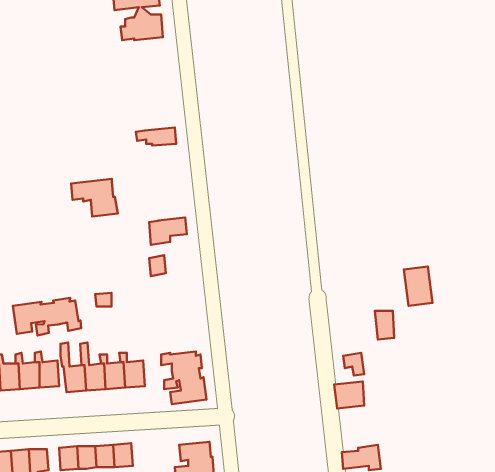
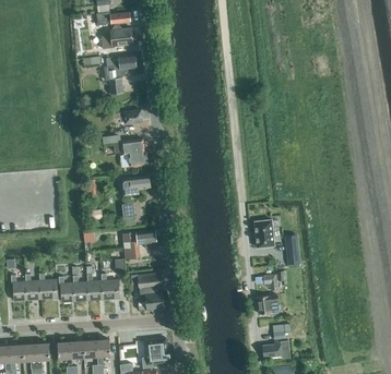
building: none -> [105,55,135,94]
building: [71,179,118,216] -> [114,138,147,166]
building: [404,267,432,306] -> [253,216,274,244]
building: none -> [122,230,156,260]
building: [13,298,81,335] -> none

